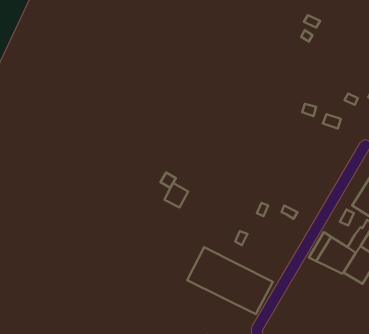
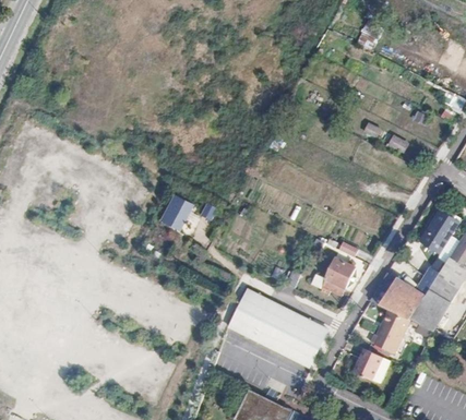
building: [164,183,188,207] -> [160,196,188,225]
building: none -> [318,257,354,296]
building: none -> [369,310,408,352]
building: none -> [354,348,383,381]

